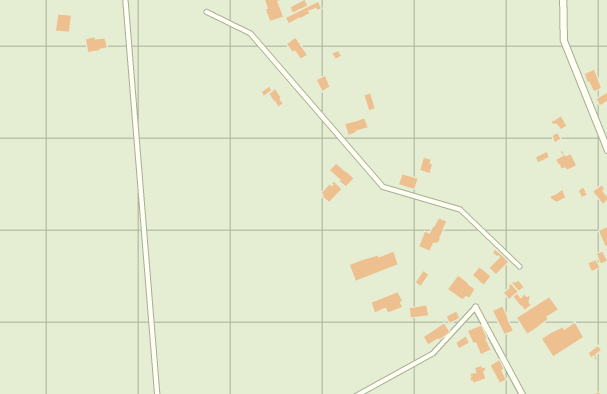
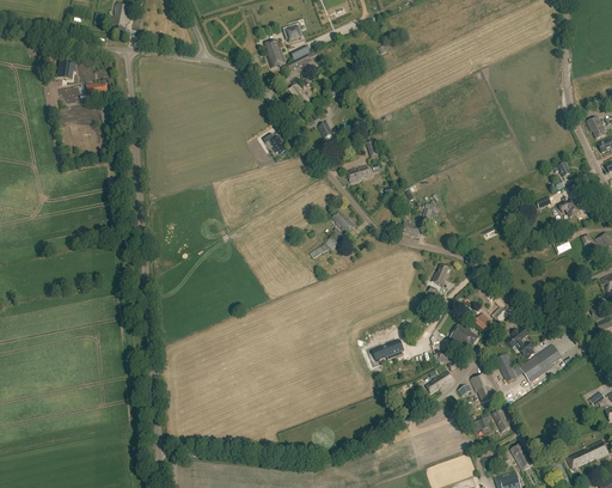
building: [349,251,398,281] -> none
building: [541,322,584,357] -> none

